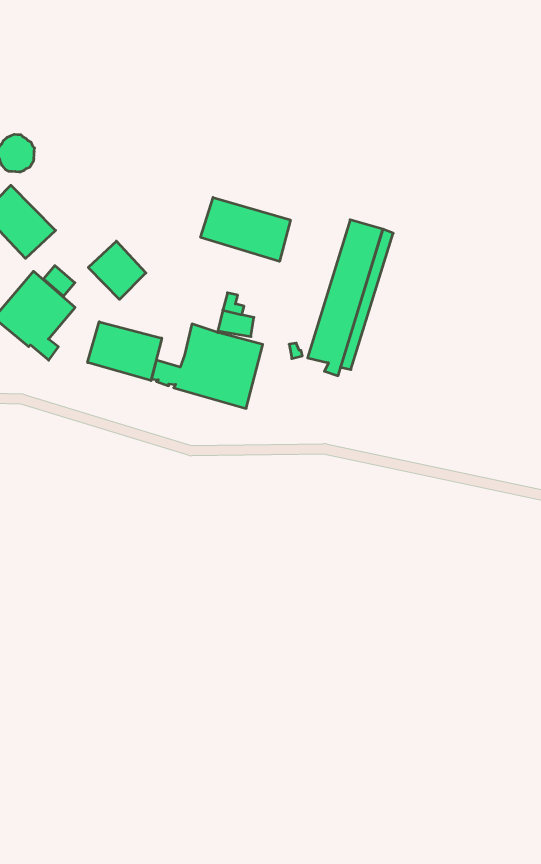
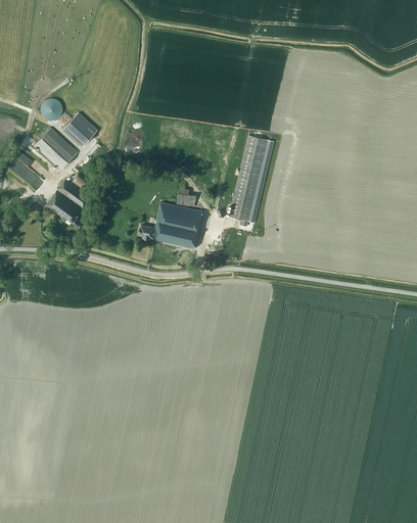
building: [201,197,290,261] -> none
building: [88,241,146,299] -> [63,112,97,146]
building: [88,322,162,381] -> none

